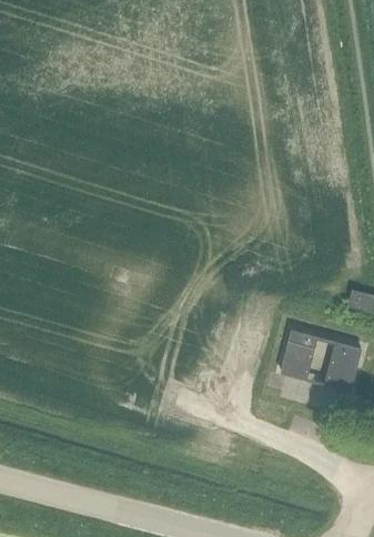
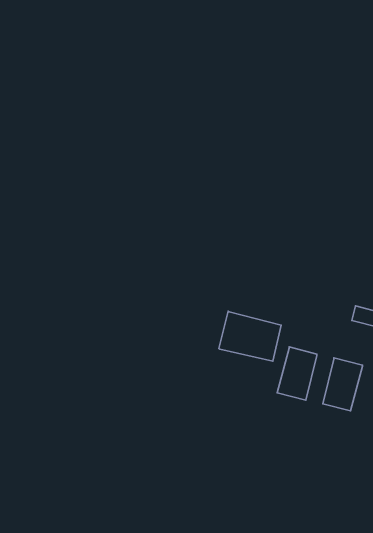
building: none -> [219,311,281,361]

